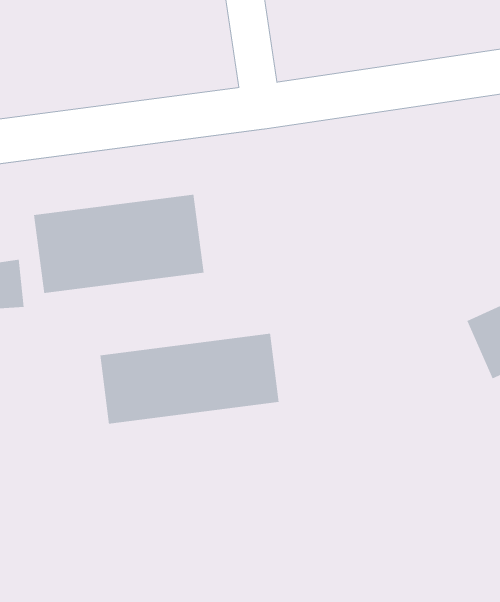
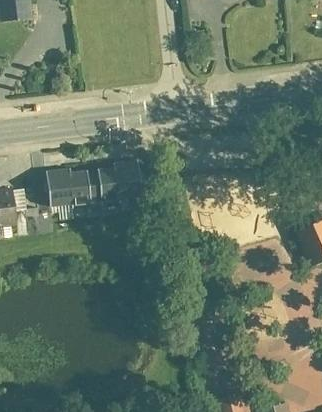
building: [100,333,279,424] -> none

